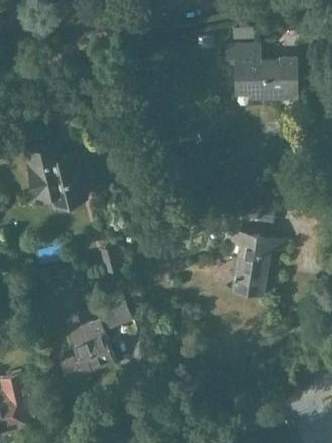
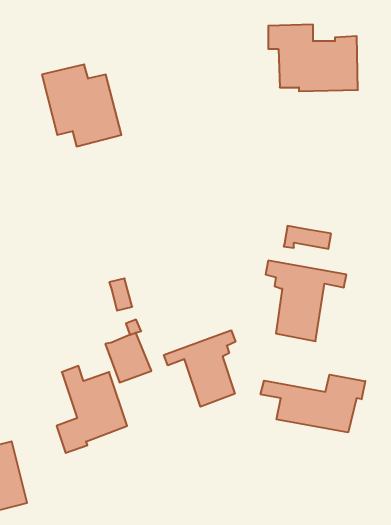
building: [24,144,87,209] -> [42,64,121,146]
building: none -> [164,330,235,407]
building: none -> [261,375,365,432]

